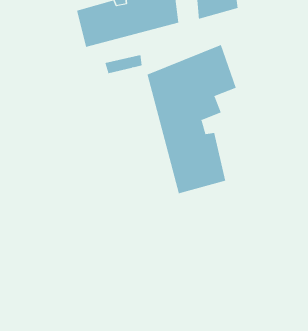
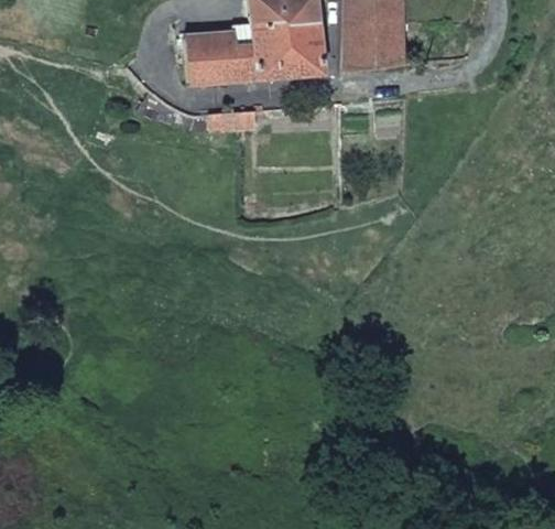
building: [147,44,236,194] -> none

